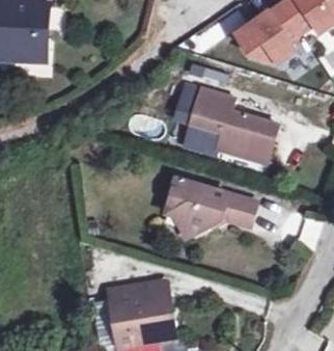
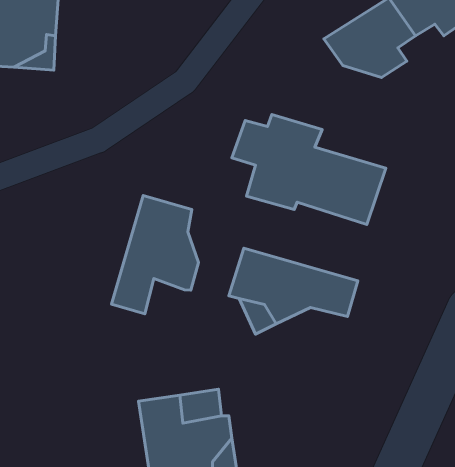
building: none -> [112,196,198,314]

